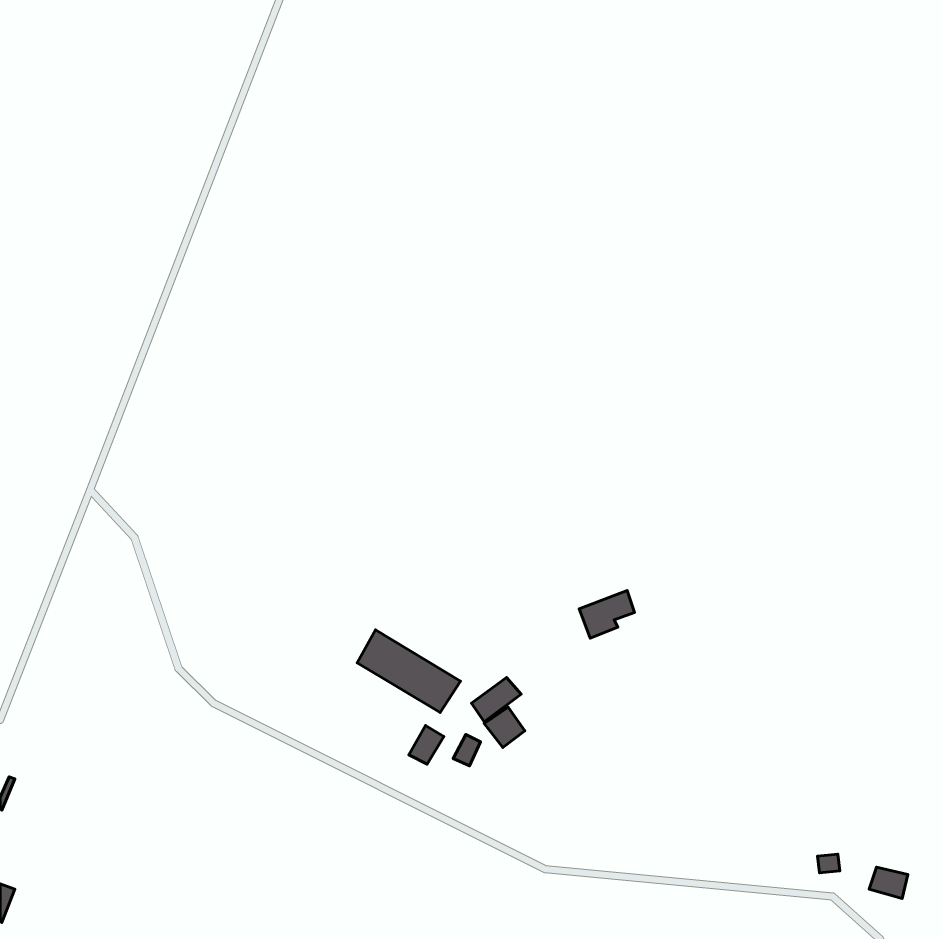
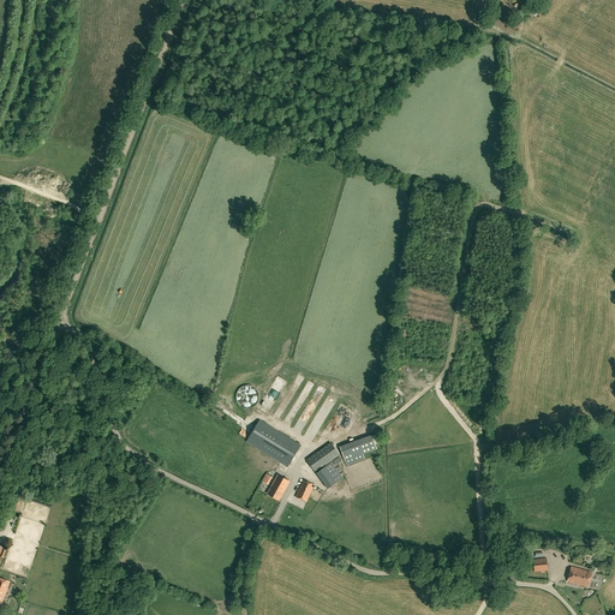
building: [579,590,634,638] -> [340,434,376,465]

